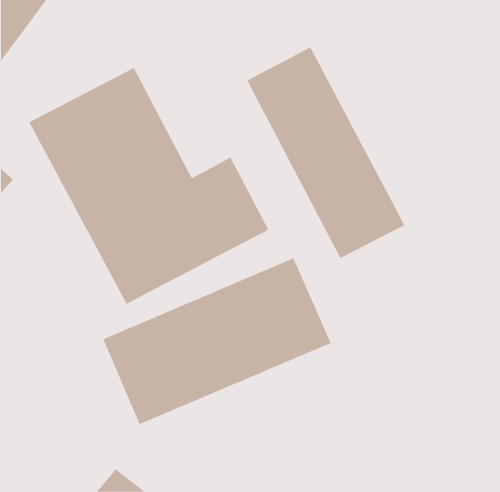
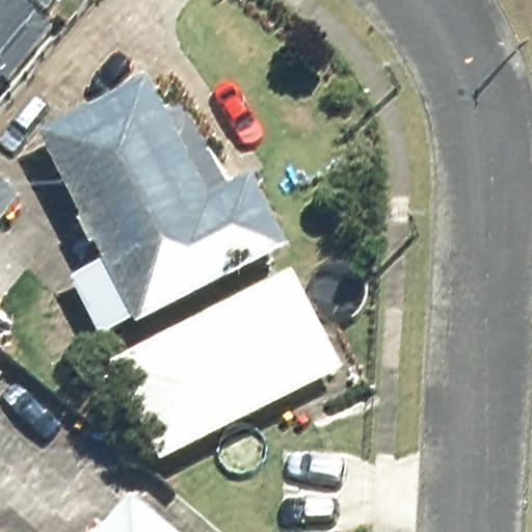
building: [247,46,405,259] -> none

